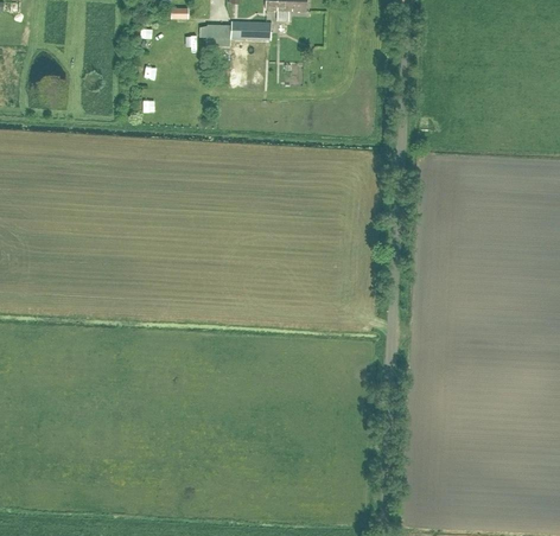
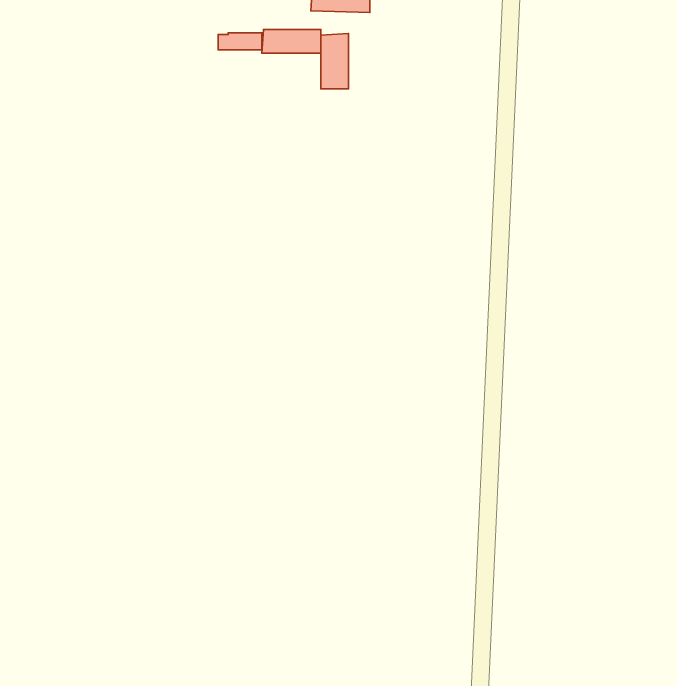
building: none -> [321,34,349,89]

